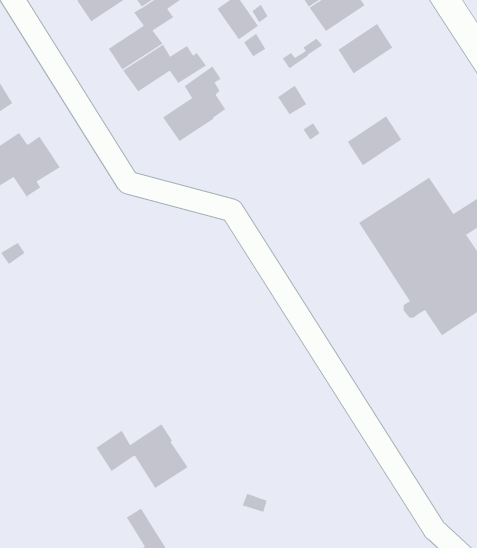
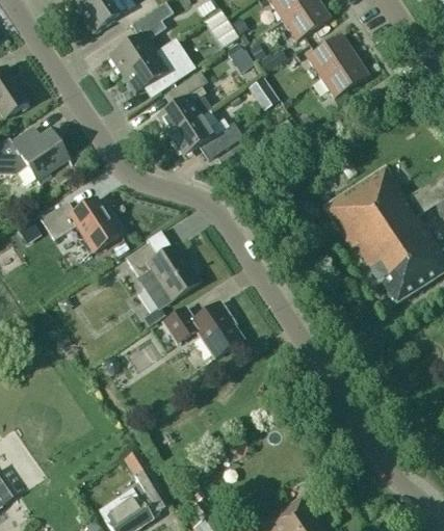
building: [347,115,402,166] -> [319,54,367,98]
building: none -> [169,115,241,159]
building: none -> [40,197,120,250]
building: none -> [125,242,199,309]
building: [95,424,189,489] -> [162,301,242,357]

